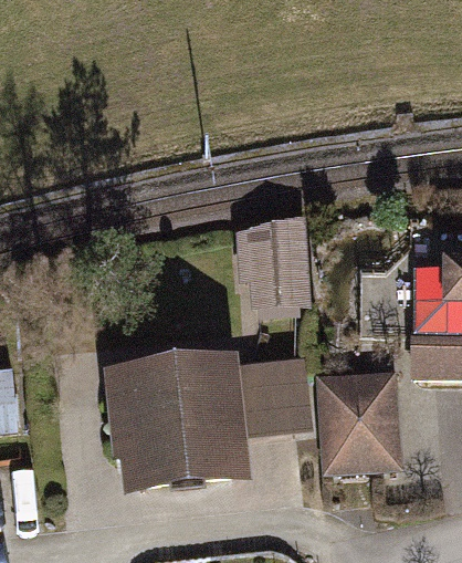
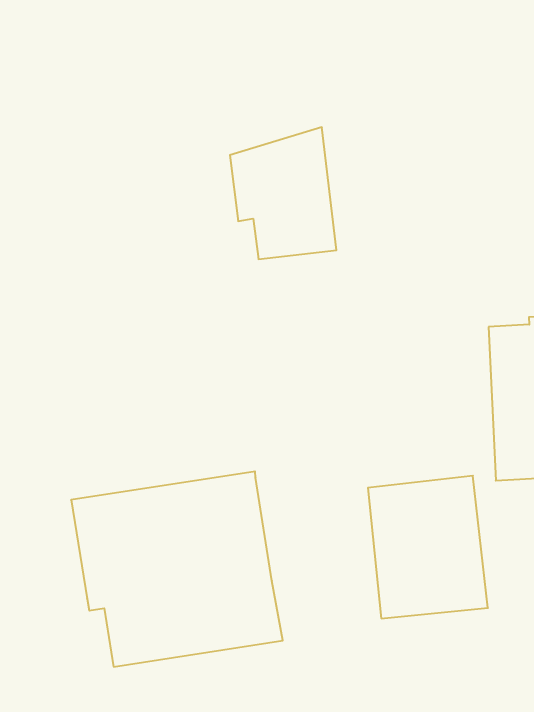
building: [237,216,311,310] -> [230,127,336,259]
building: [238,355,314,439] -> none

